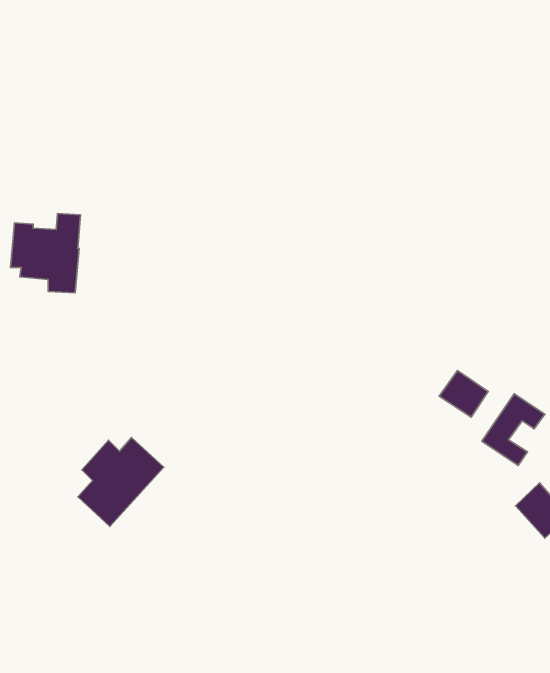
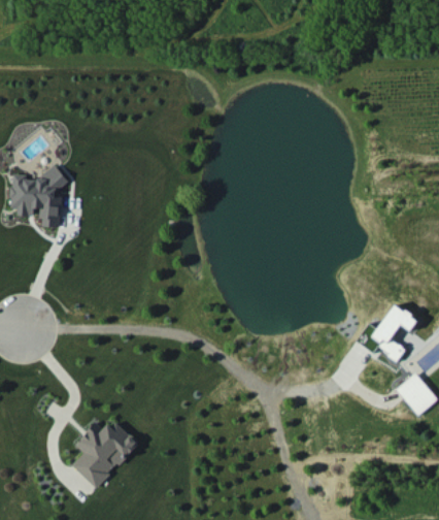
building: [439,370,488,417] -> none
building: [78,438,164,526] -> [72,420,138,488]

